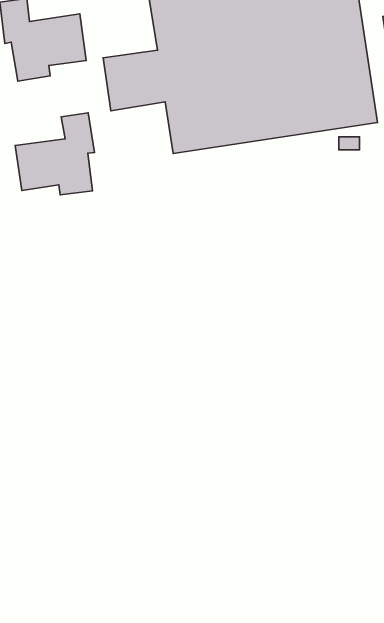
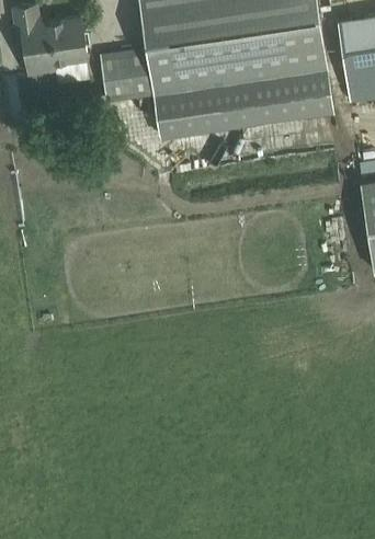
building: [15,113,94,195] -> none

